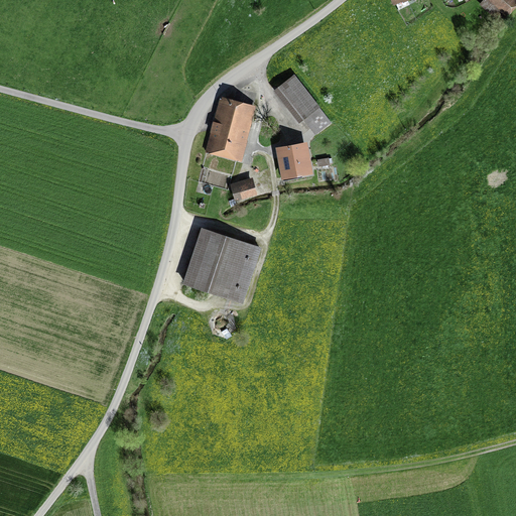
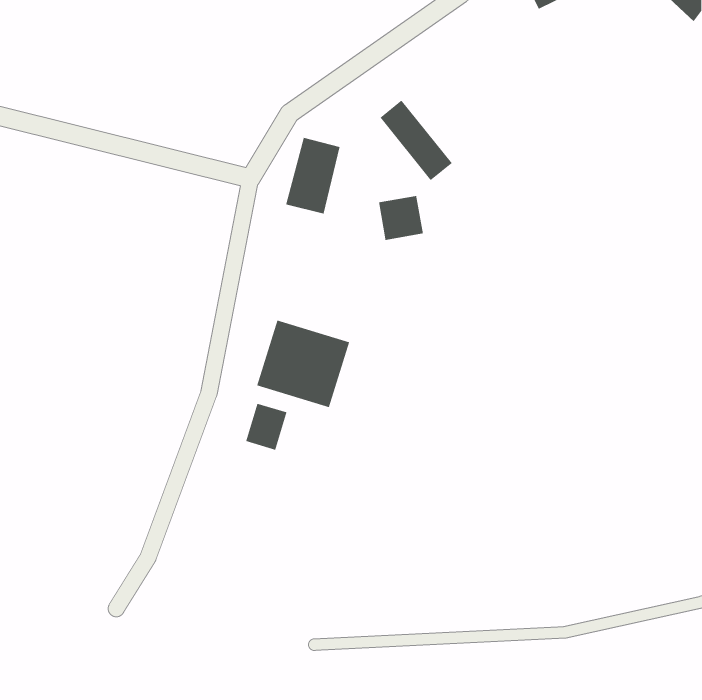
building: [228,175,256,199] -> none
building: none -> [245,403,287,451]

